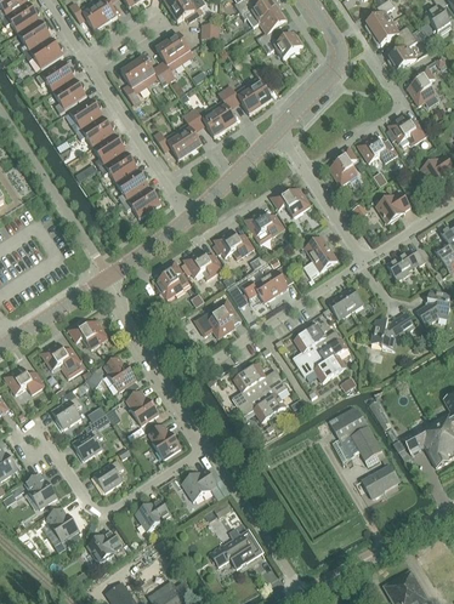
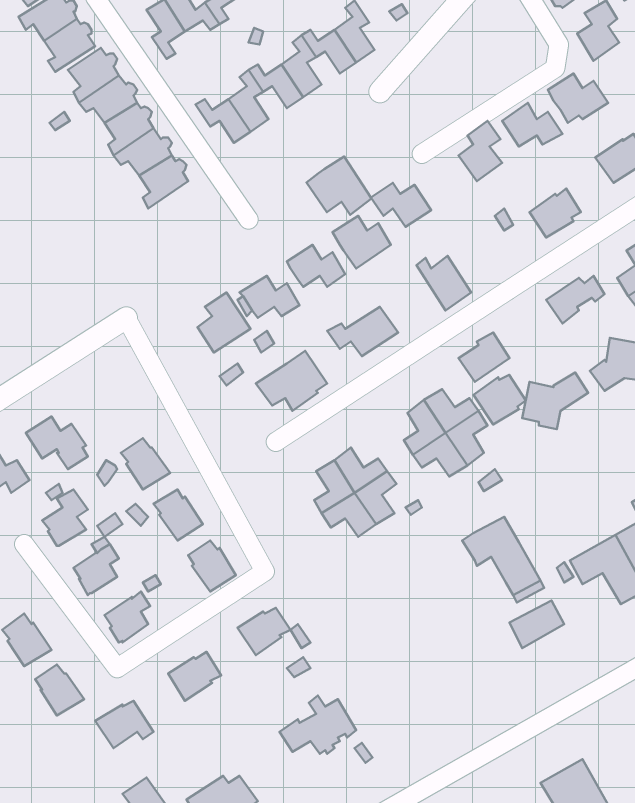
building: none -> [306,157,371,215]
building: [121,186,160,218] -> none
building: none -> [473,375,526,424]
building: [68,320,107,348] -> none

